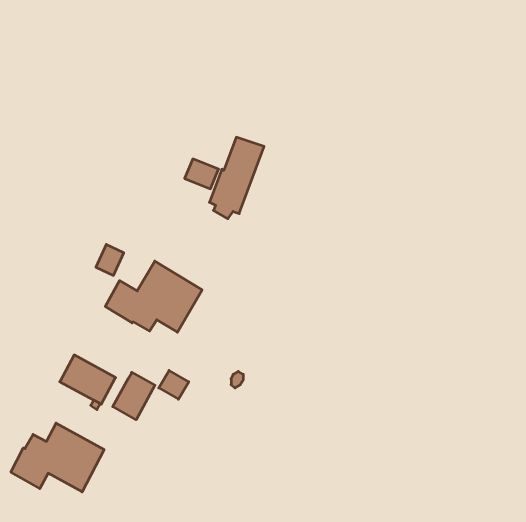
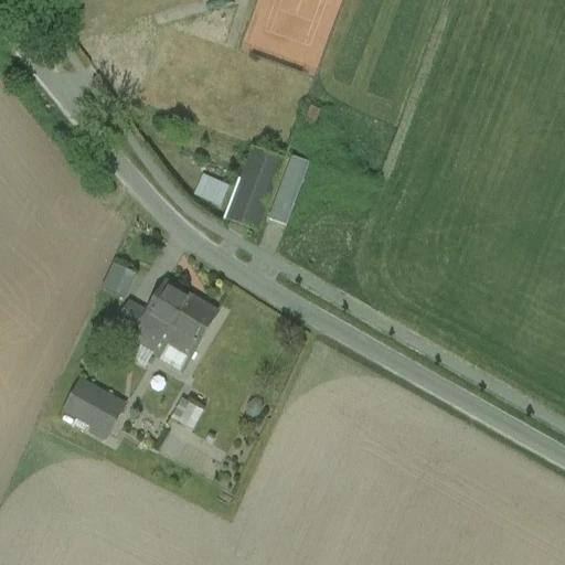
building: none -> [268,154,309,223]
building: [113,372,155,420] -> none
building: [11,423,104,492] -> none

